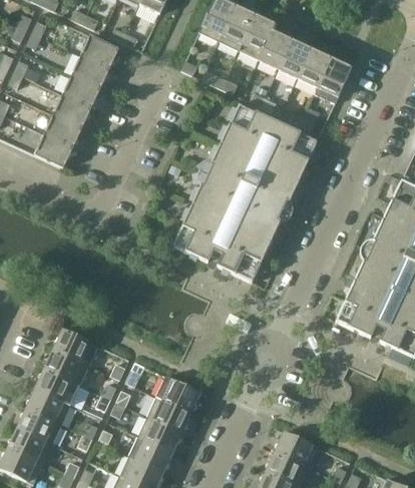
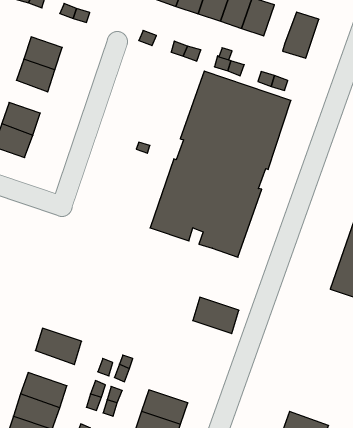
building: [81,35,119,68] -> none
building: [299,49,332,86] -> none
building: [54,94,91,127] -> none
building: [45,349,89,385] -> none
building: [156,376,200,413] -> [193,297,239,334]

